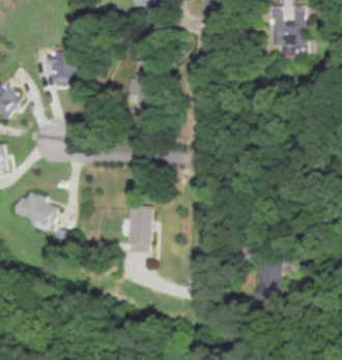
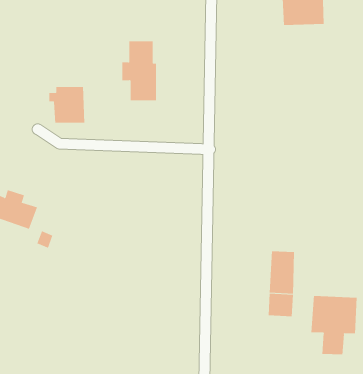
building: [46,51,78,83] -> [49,87,85,123]
building: [127,207,151,252] -> none
building: none -> [311,295,357,355]

